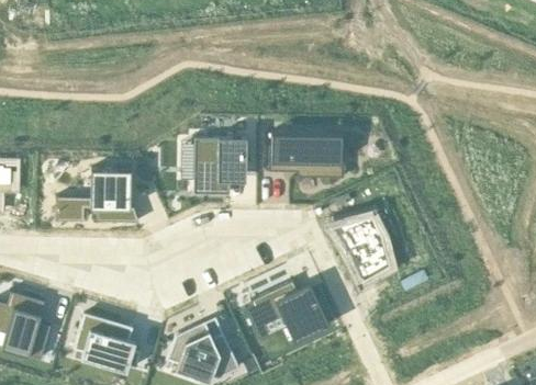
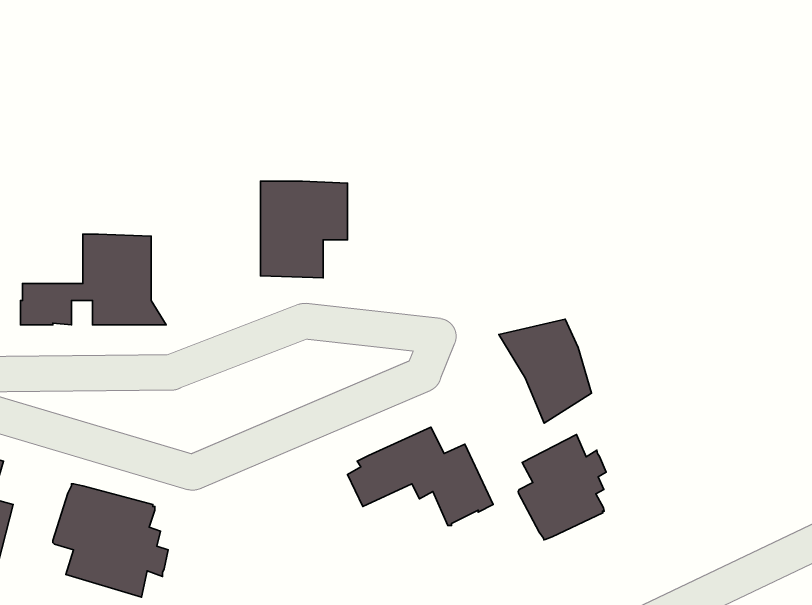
building: [269,129,345,174] -> none
building: none -> [518,435,606,540]
building: [165,318,239,374] -> none

